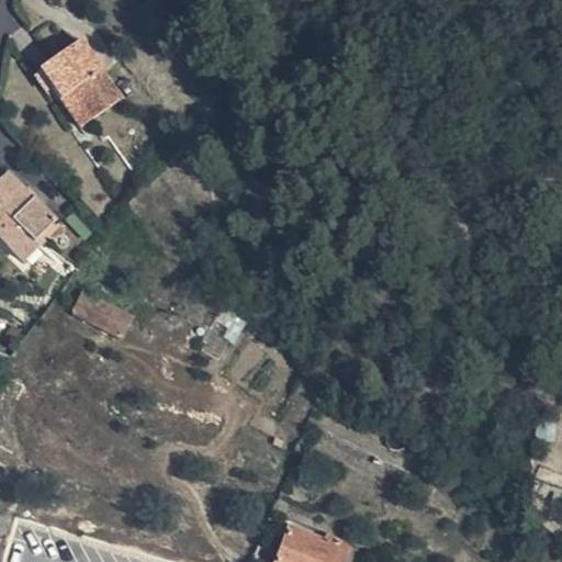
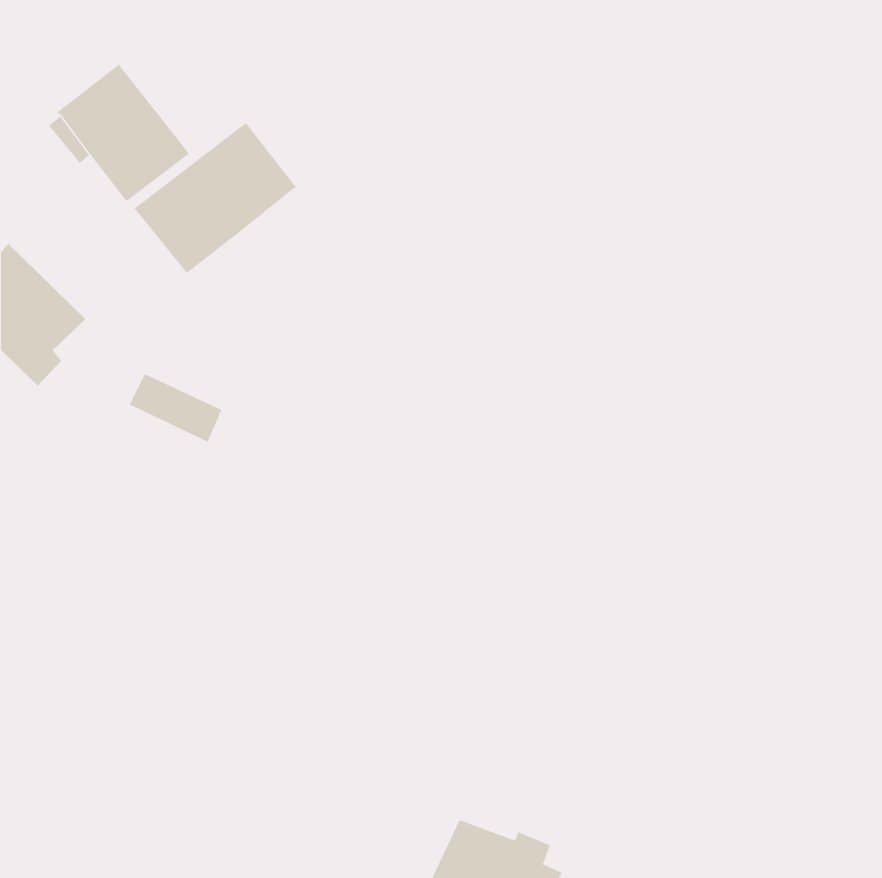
building: none -> [134,122,297,274]
building: [68,292,127,336] -> [129,374,222,443]

